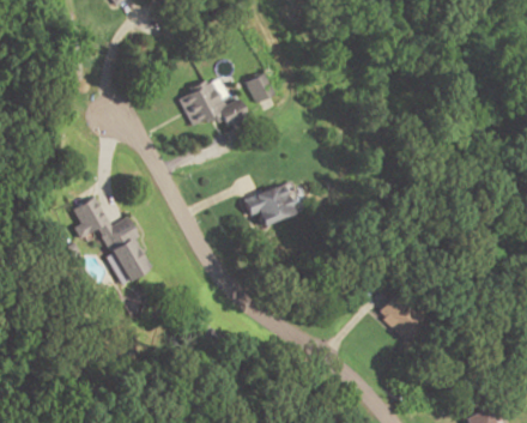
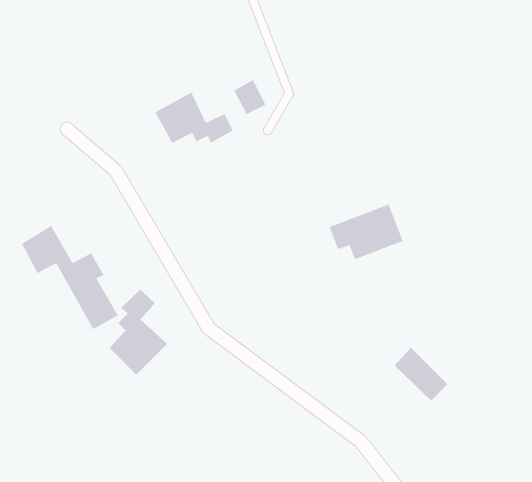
building: [241,179,303,225] -> [329,204,403,260]
building: none -> [109,289,168,375]

